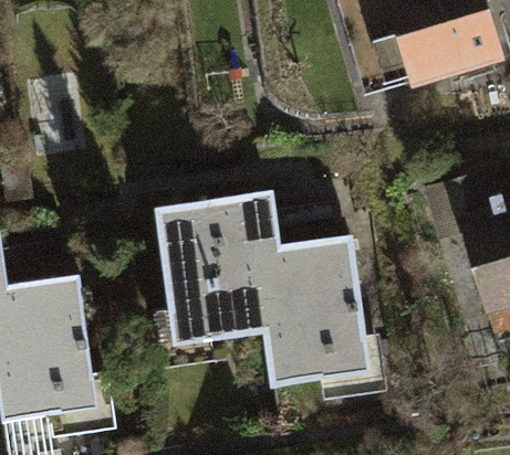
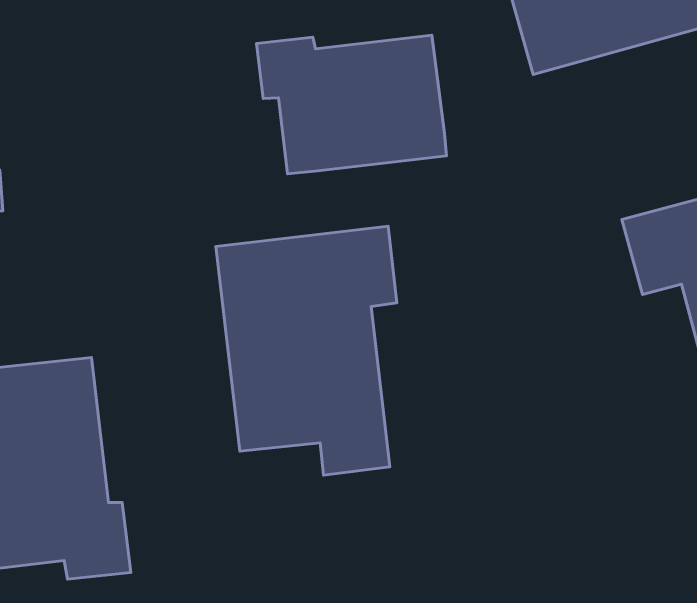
building: none -> [256,35,447,174]
building: [261,235,376,379] -> none

